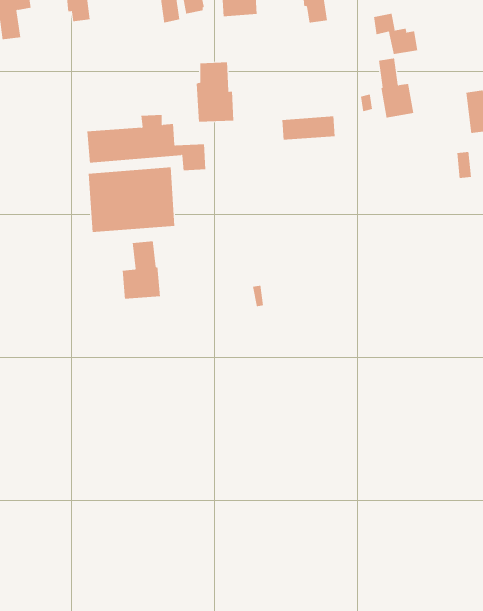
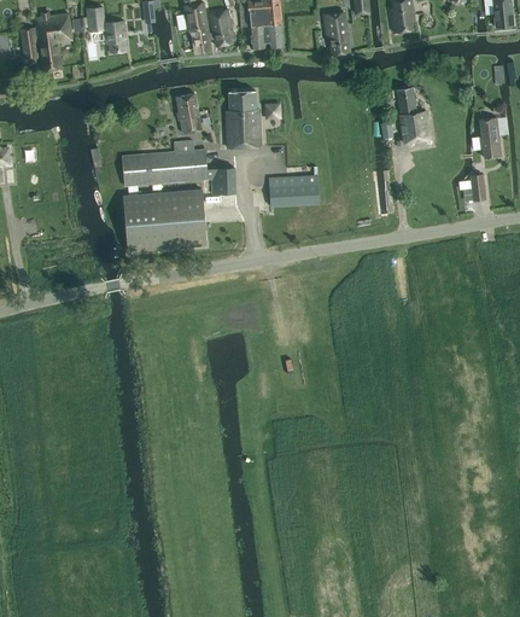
building: [373,13,418,55] -> none
building: none -> [175,93,200,132]
building: [281,116,335,140] -> [268,182,319,205]
building: [122,240,160,299] -> none

